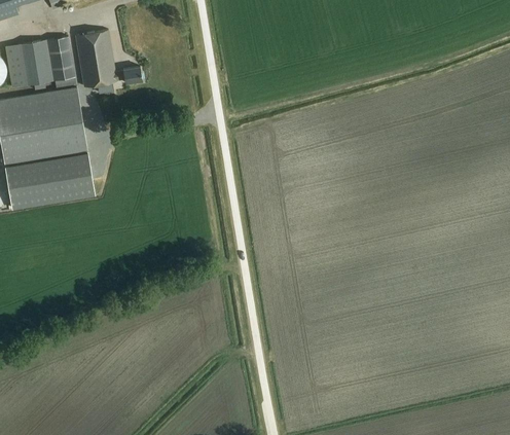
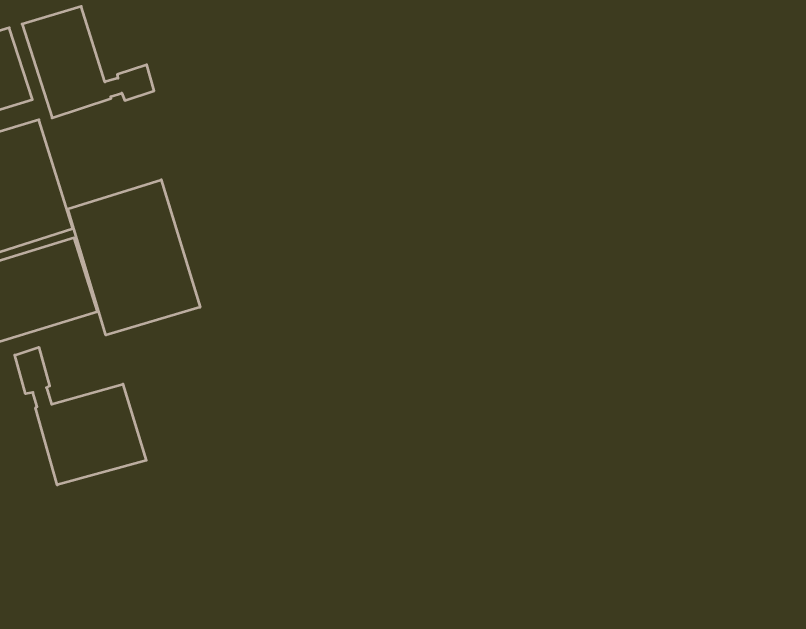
building: none -> [68,180,200,335]
building: none -> [15,347,146,485]

